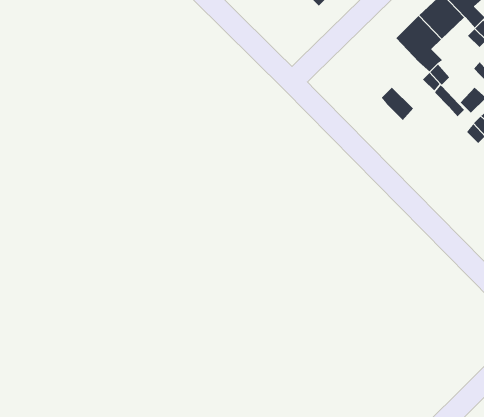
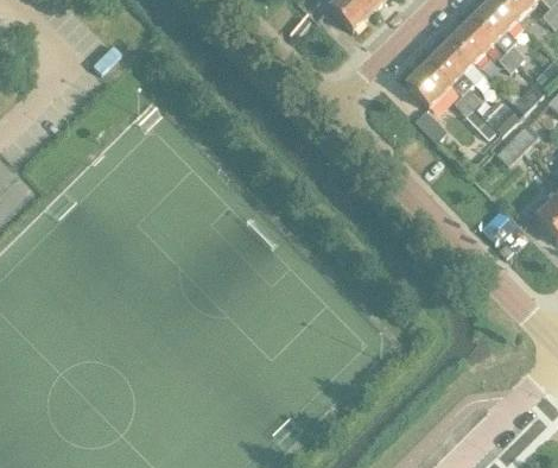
building: none -> [405,59,450,105]

